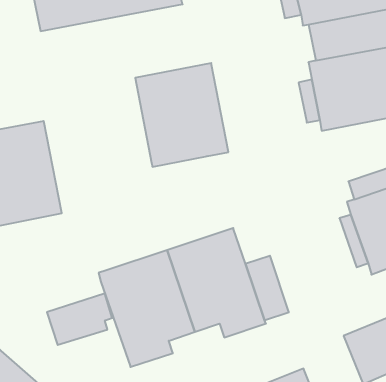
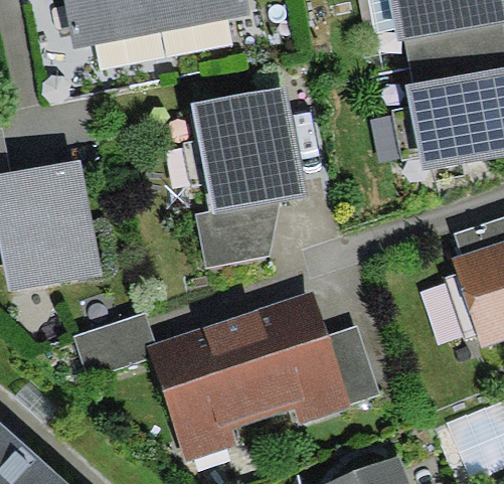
building: none -> [195,202,280,267]
building: [47,293,112,345] -> [74,313,155,376]

